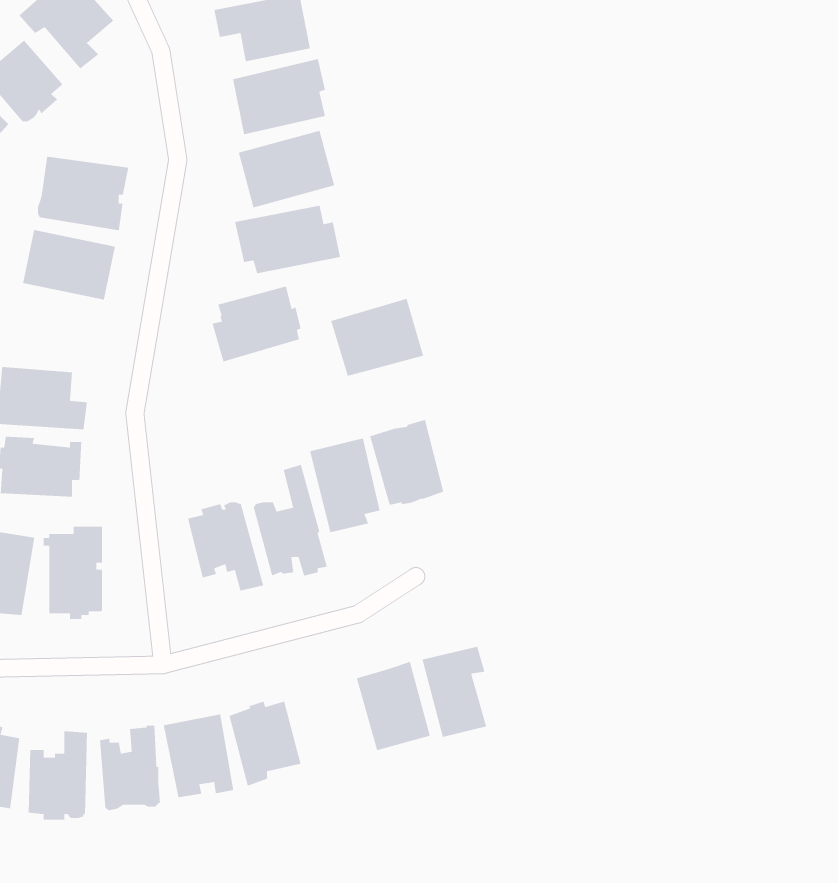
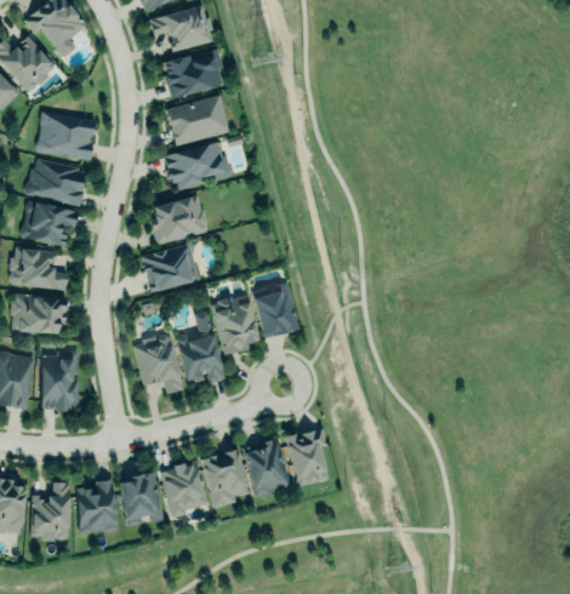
building: none -> [18,201,78,249]
building: [330,298,424,377] -> [139,242,200,293]
building: none -> [200,450,247,509]

